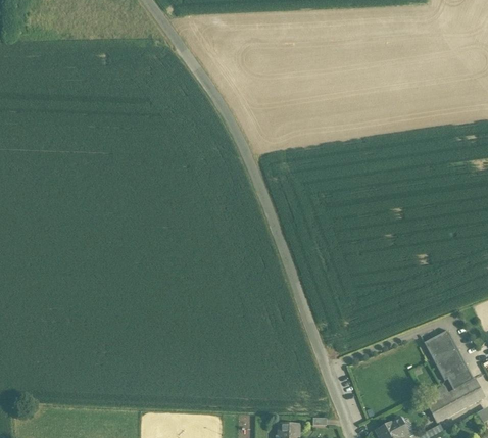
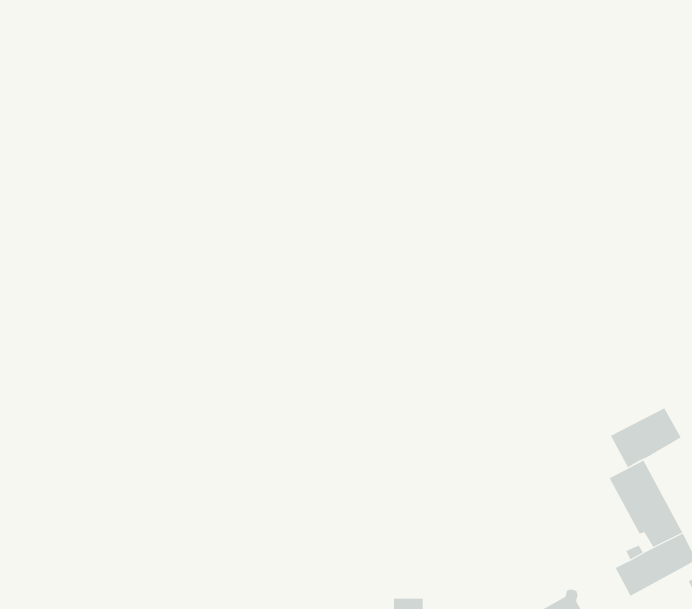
building: none -> [610,408,682,468]

